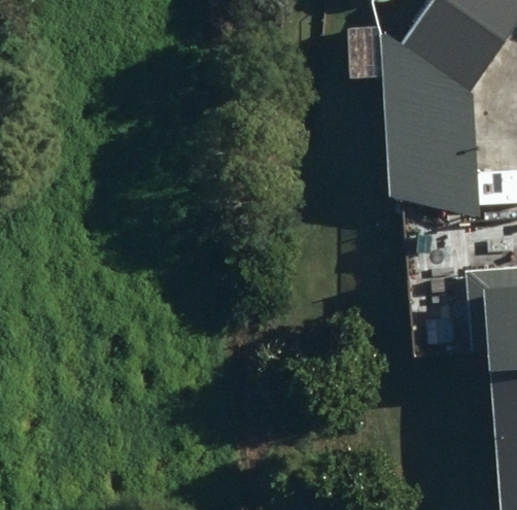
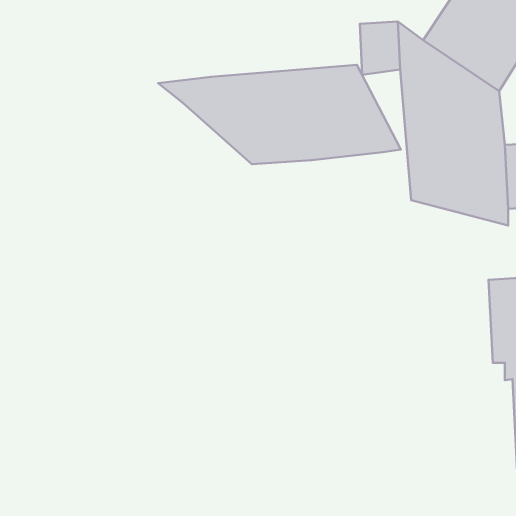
building: none -> [158,65,401,164]

